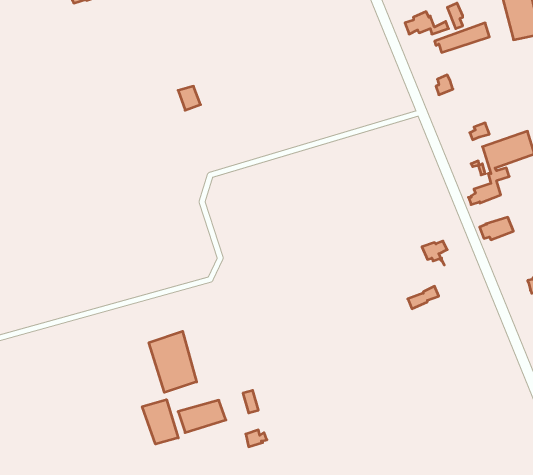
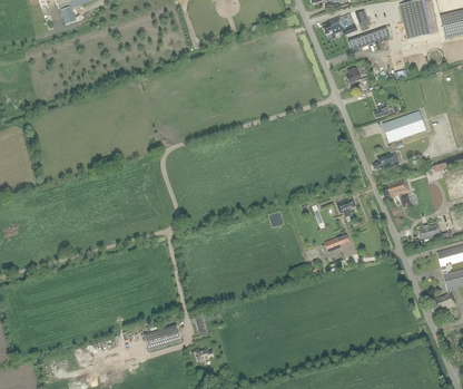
building: [149,331,197,392] -> none
building: [142,400,178,444] -> none

